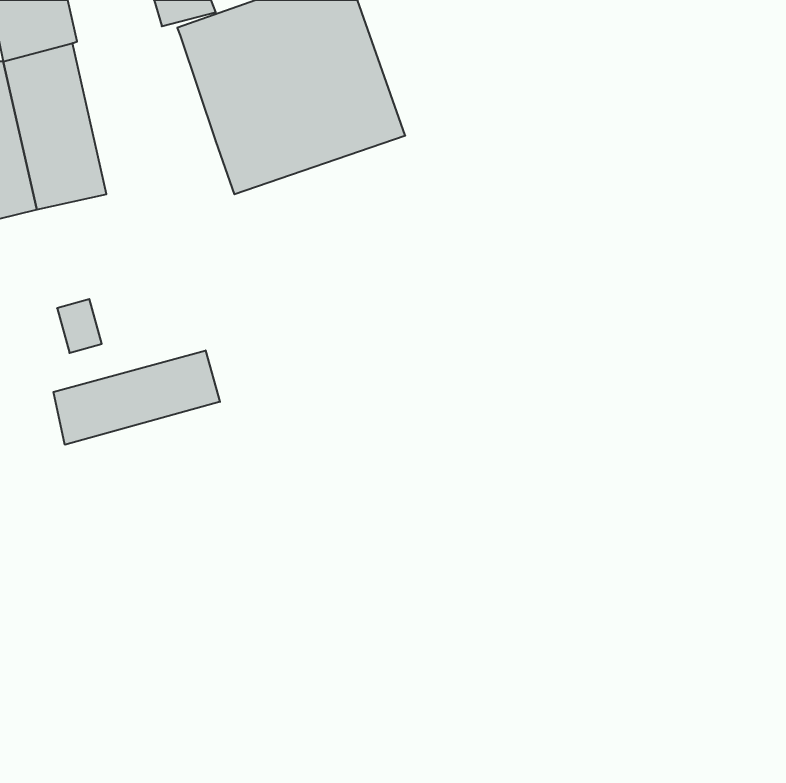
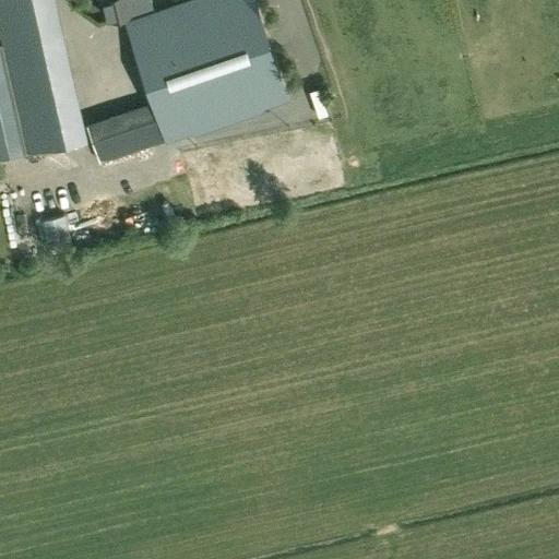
building: none -> [85,104,166,164]
building: [53,350,220,445] -> none

